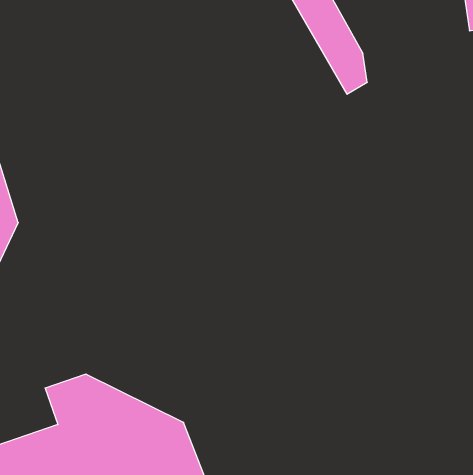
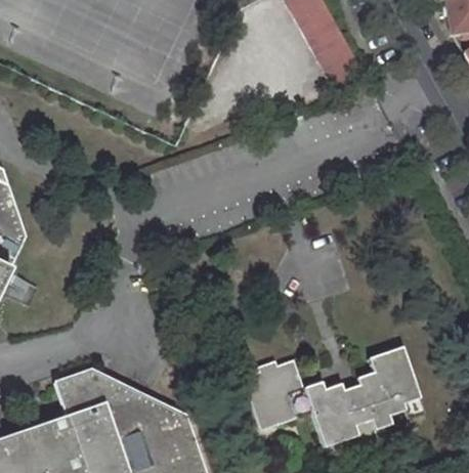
building: none -> [242,344,424,447]

